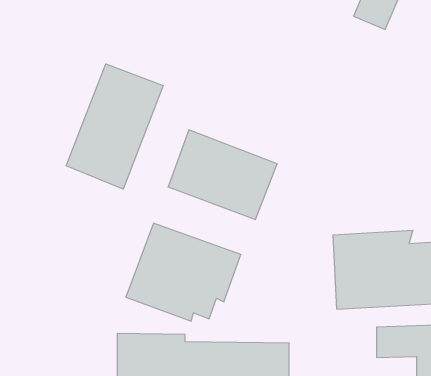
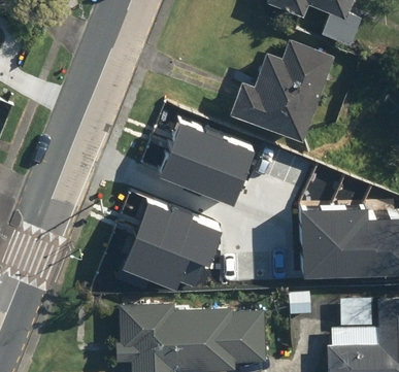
building: none -> [222,37,333,139]
building: [66,64,163,189] -> none

